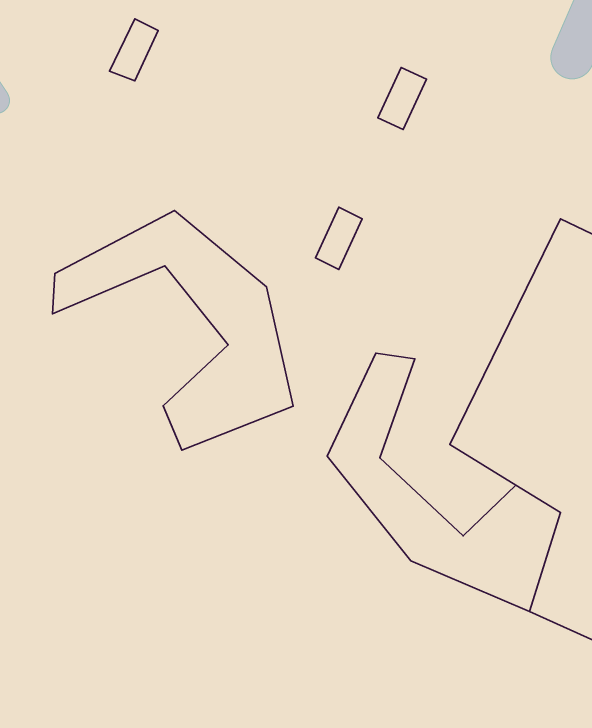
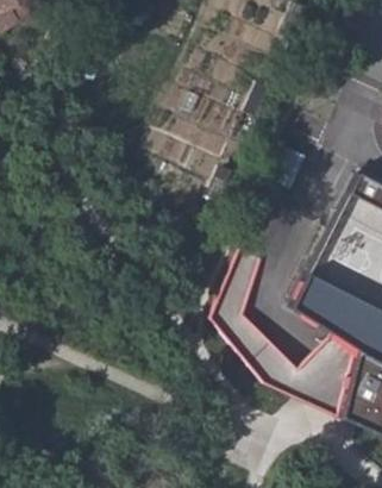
building: [52,211,293,450] -> none

